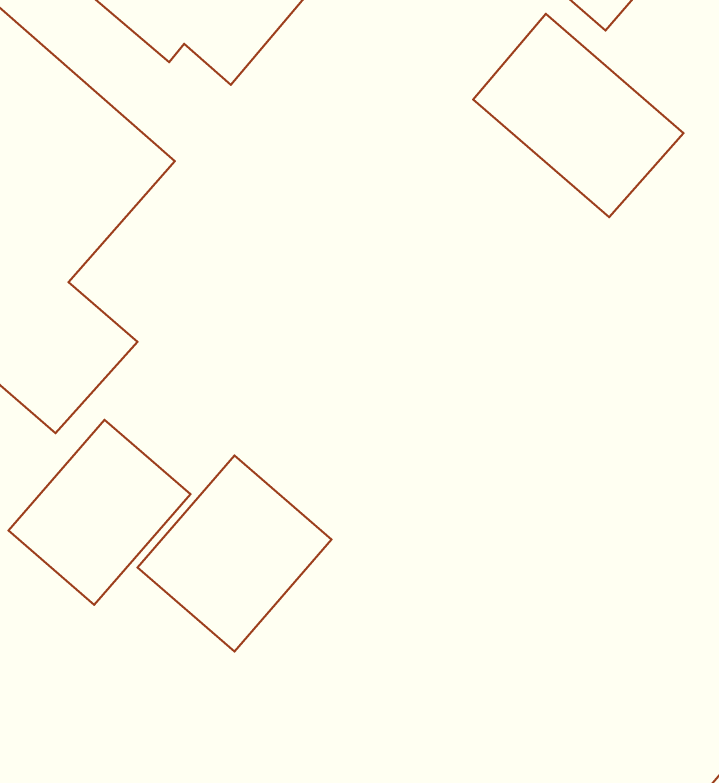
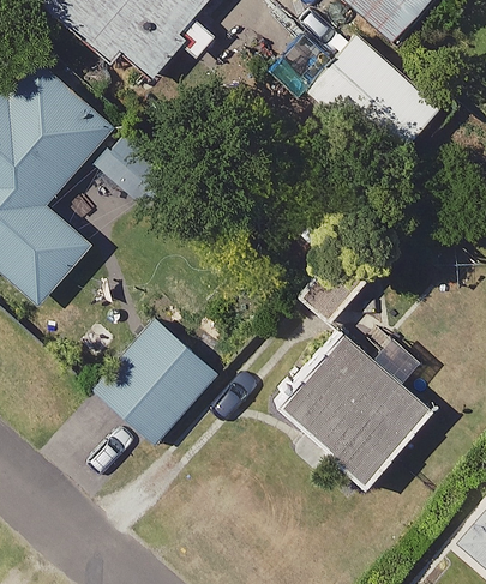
building: [8,420,190,605] -> none
building: none -> [268,326,425,478]

